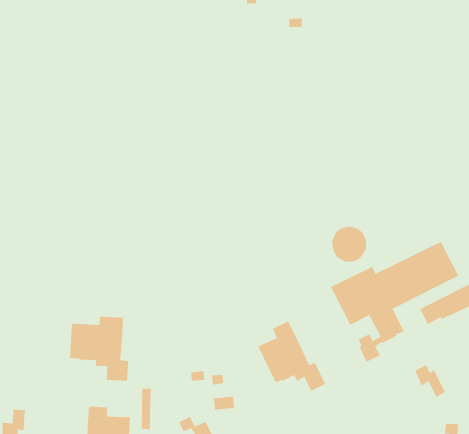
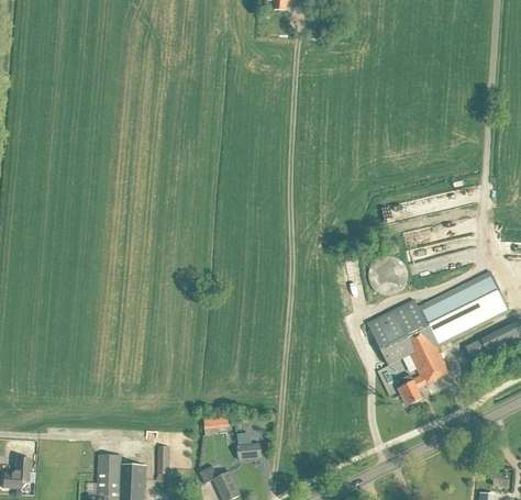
building: [70,316,129,382] -> none
building: [258,321,326,391] -> none
building: [414,364,445,397] -> none

